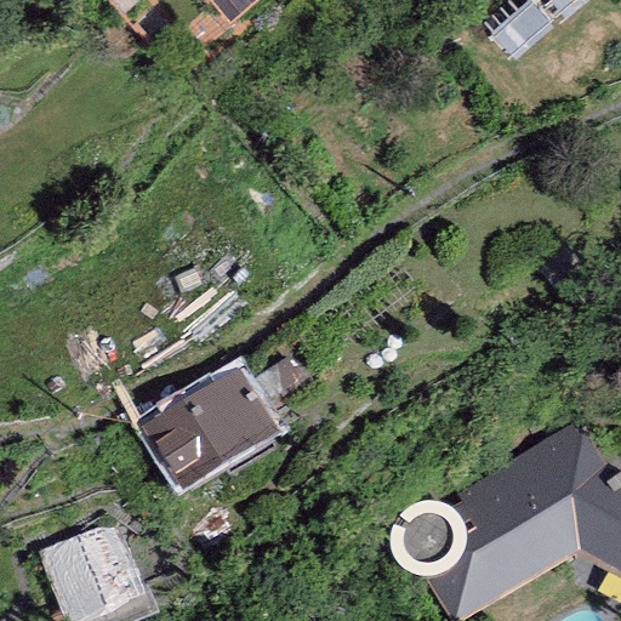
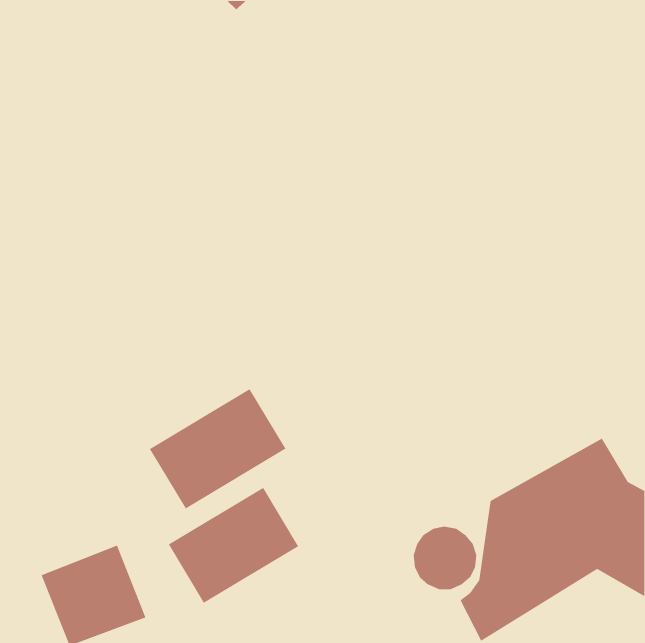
building: none -> [168,487,299,604]

